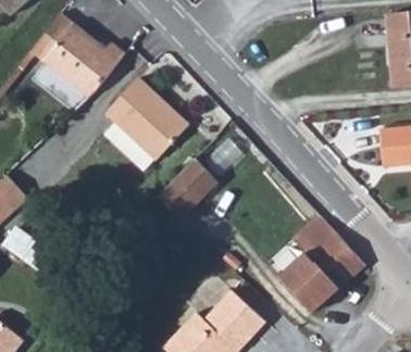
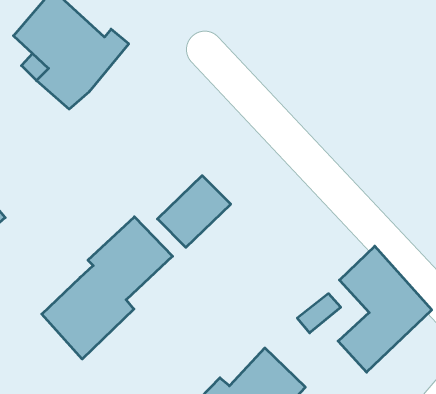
building: [105,72,187,156] -> none
building: none -> [42,217,173,359]

